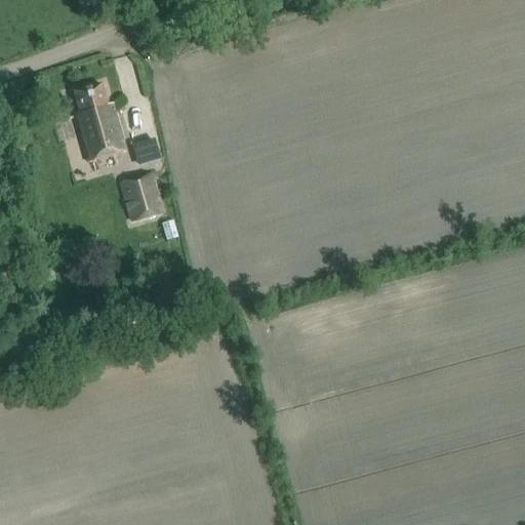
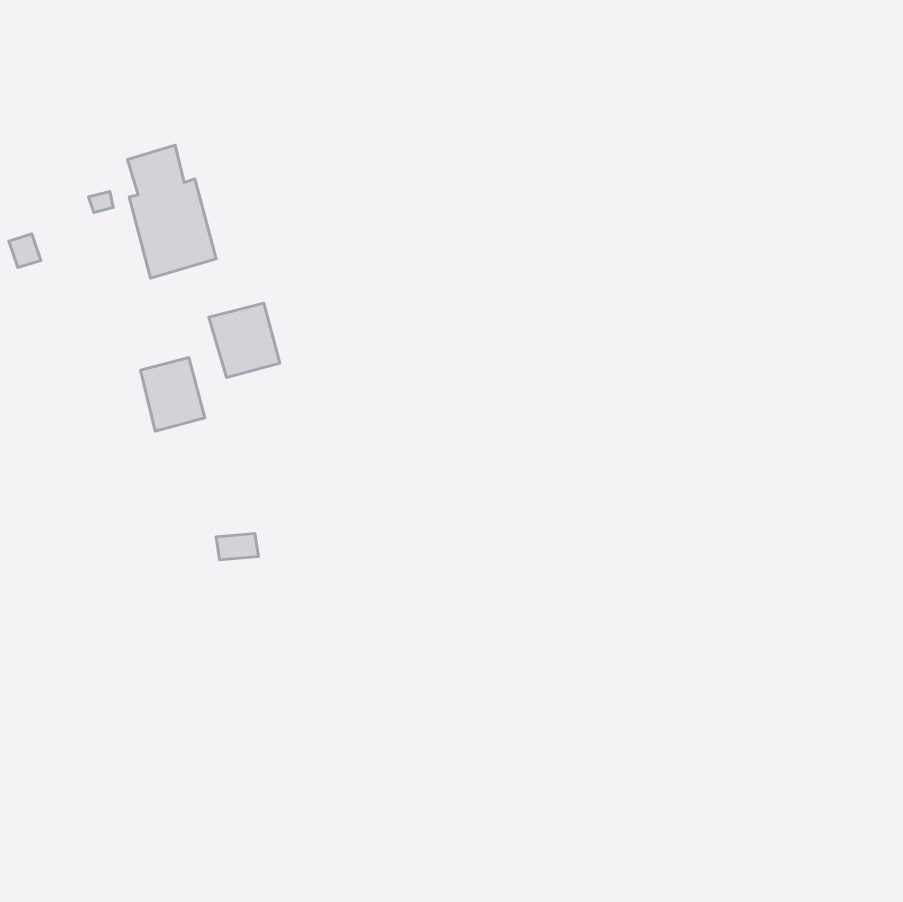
building: none -> [141,357,205,431]

